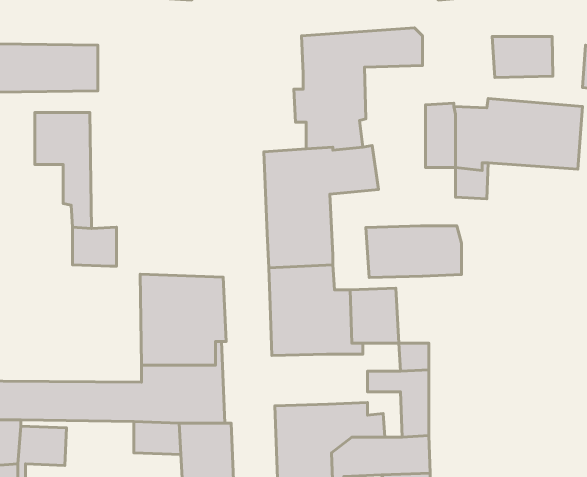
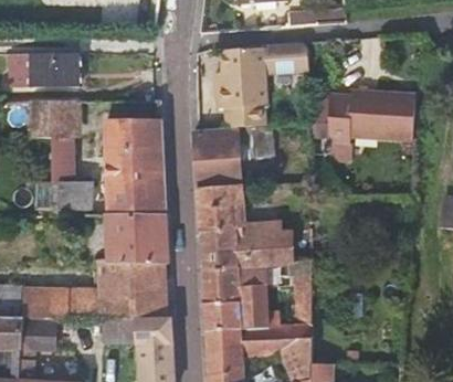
building: [492,36,553,77] -> none
building: none -> [104,118,166,216]
building: [366,226,462,278] -> [200,270,267,307]

